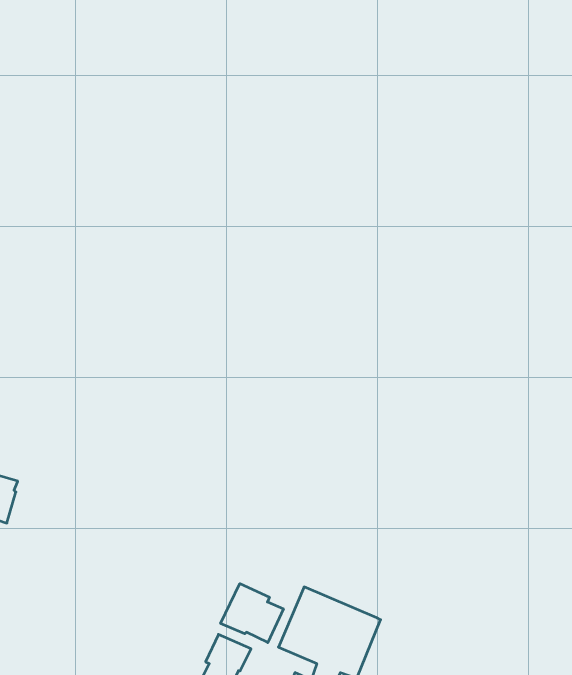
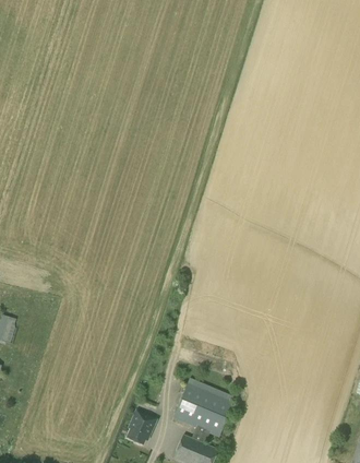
building: [221,584,283,643] -> none

